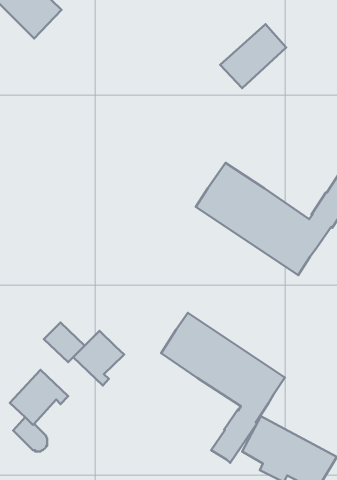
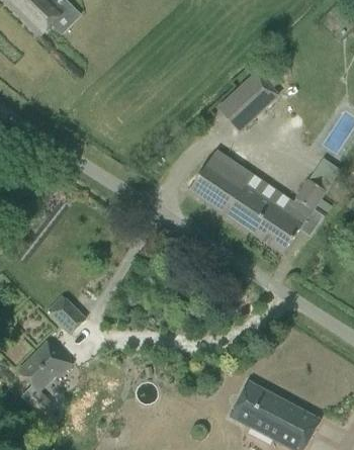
building: [220,24,286,88] -> [217,71,278,129]
building: [161,313,285,463] -> none
building: [73,331,124,385] -> none

